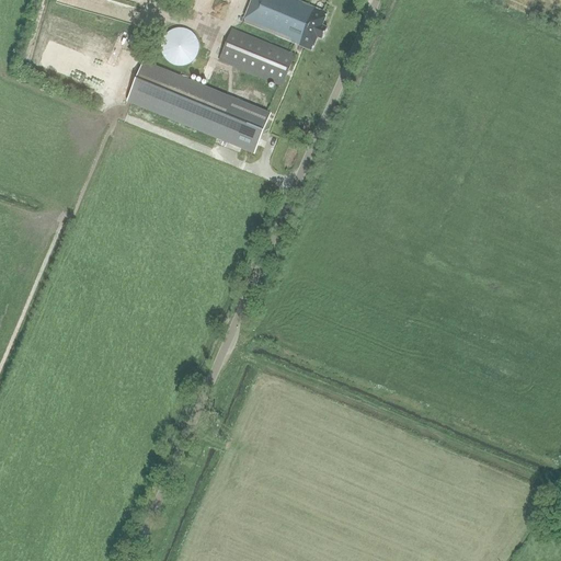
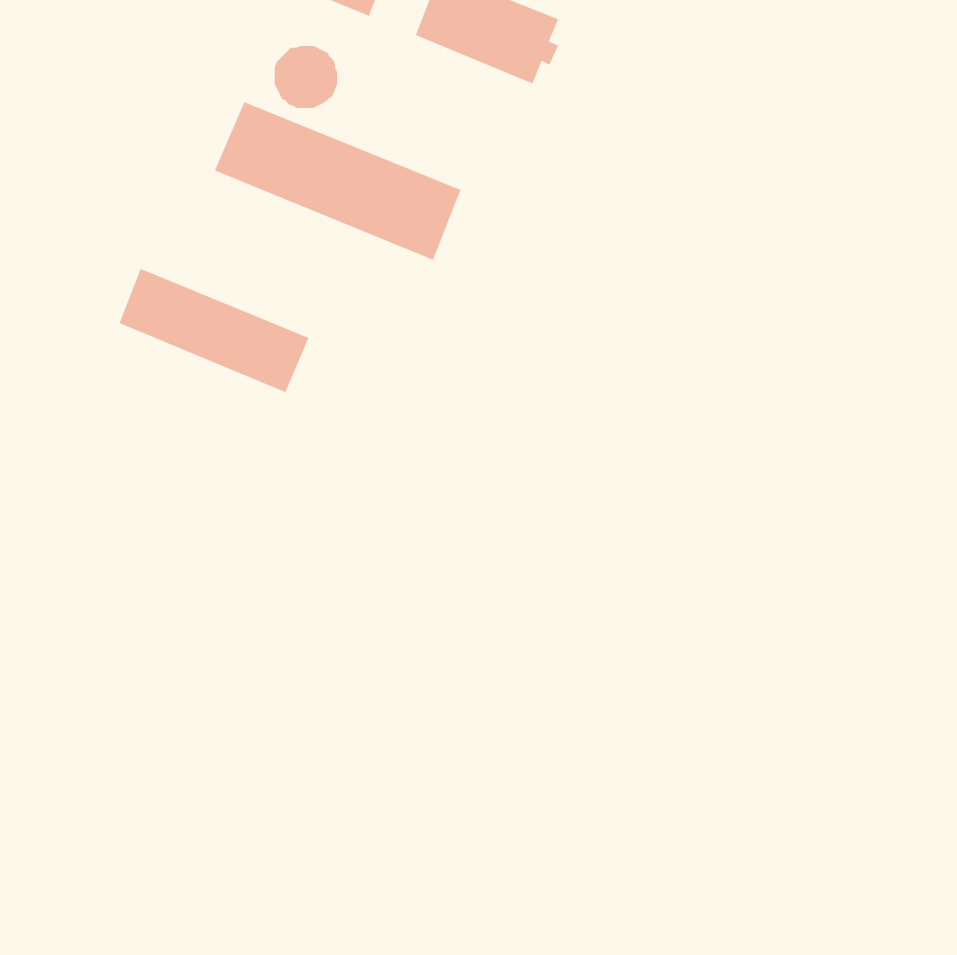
building: [218,27,295,84] -> none
building: none -> [118,268,310,393]

